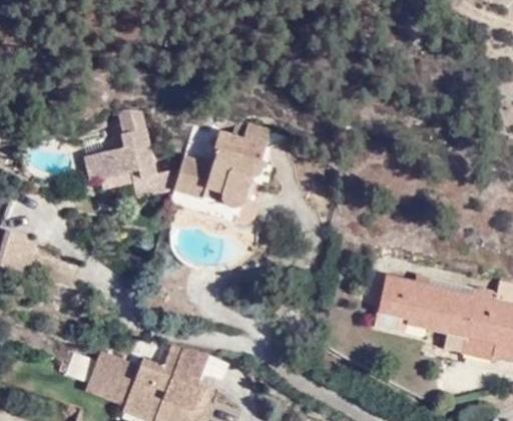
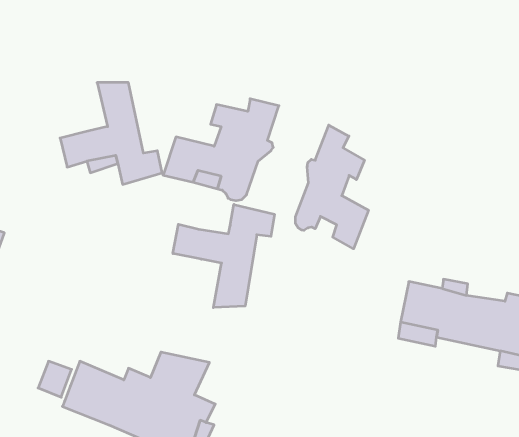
building: none -> [295,125,368,249]
building: none -> [173,204,274,308]

